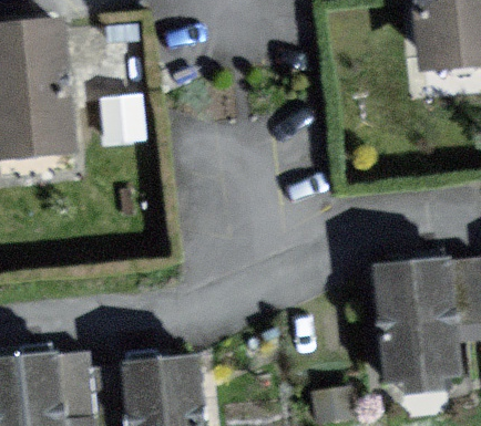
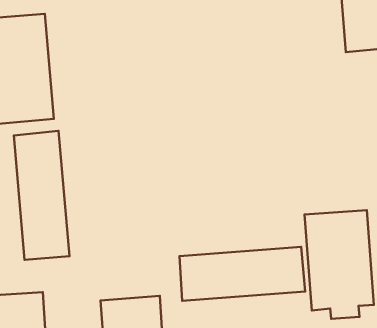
building: none -> [14,131,69,260]
building: none -> [179,247,305,301]

